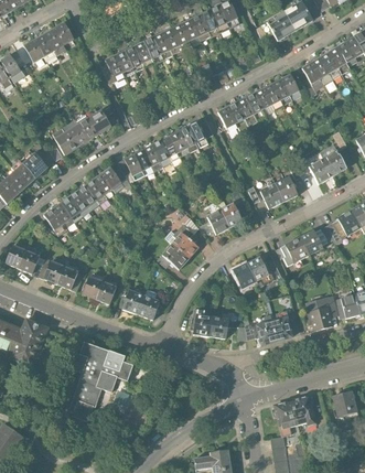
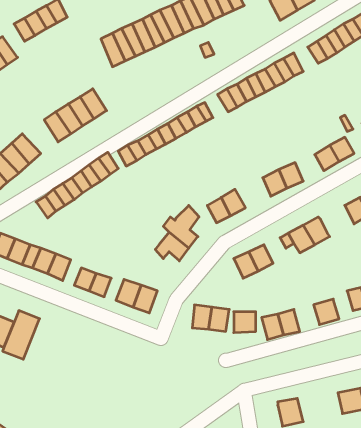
building: [315,217,347,244] -> none
building: [66,341,132,421] -> none
building: [293,397,318,423] -> none

